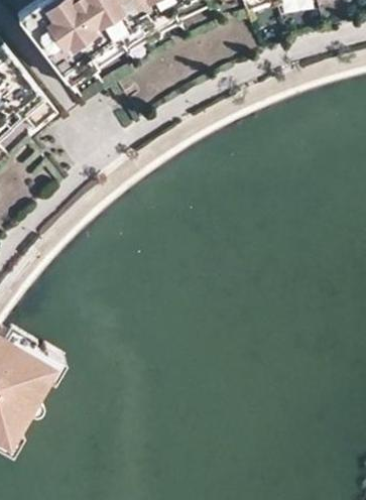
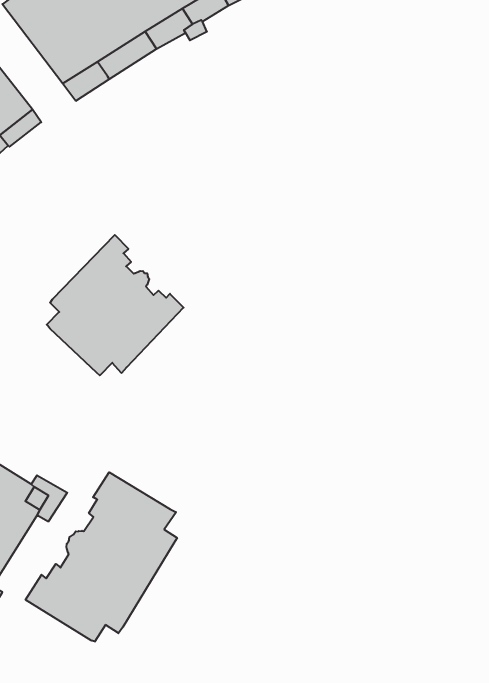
building: none -> [47,235,184,375]
building: none -> [26,472,177,642]

